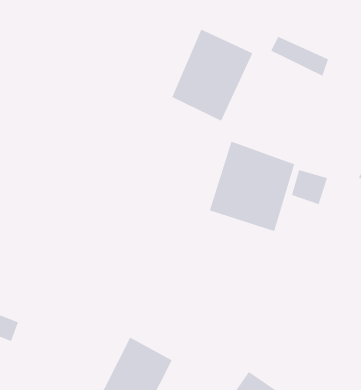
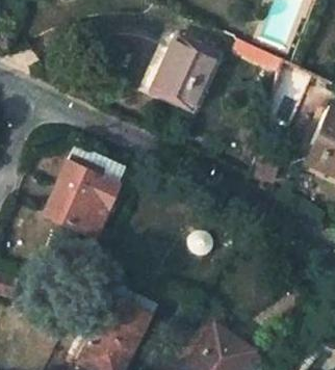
building: [209,141,295,232] -> none
building: none -> [46,153,120,236]

